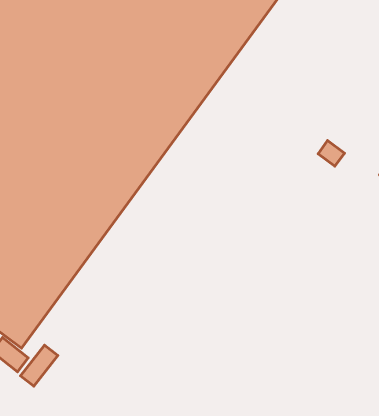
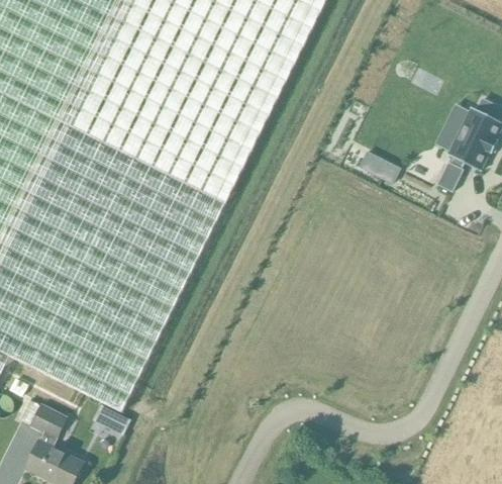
building: [20,345,58,386] -> none

